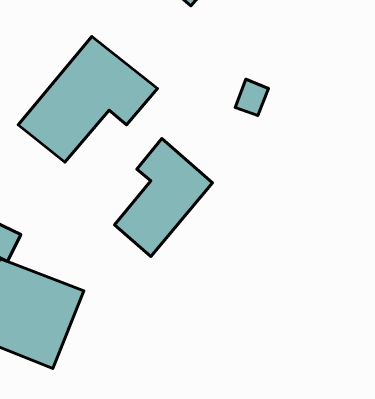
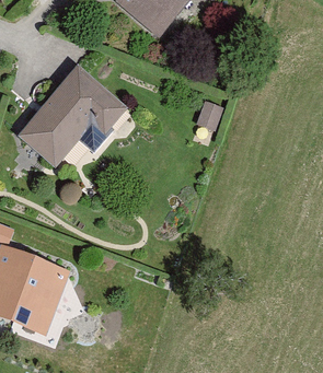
building: [115,138,213,257] -> none

